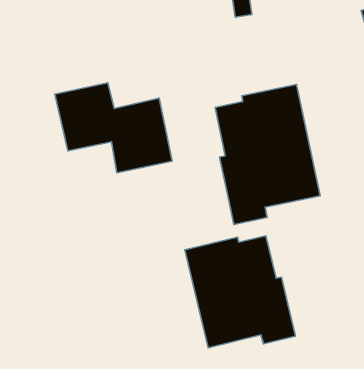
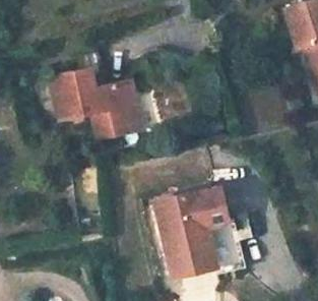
building: [215,85,320,224] -> none

